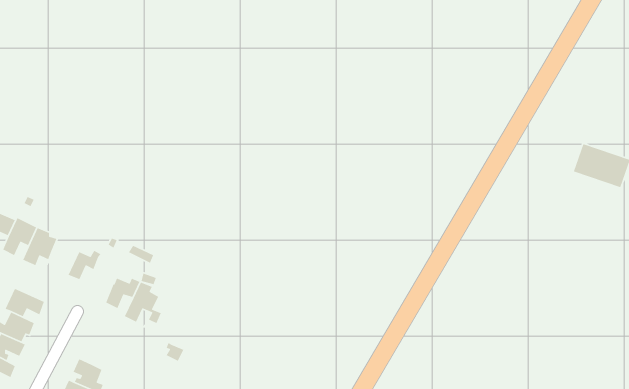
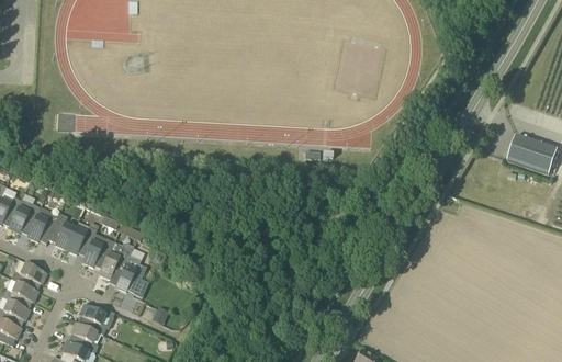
building: none -> [52,214,75,249]
building: none -> [81,234,112,265]
building: none -> [78,303,112,335]

